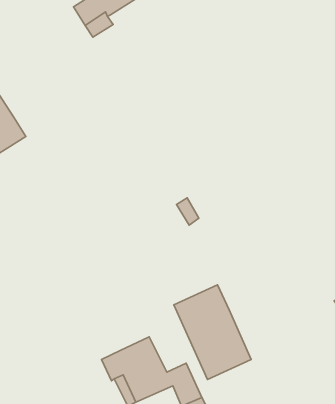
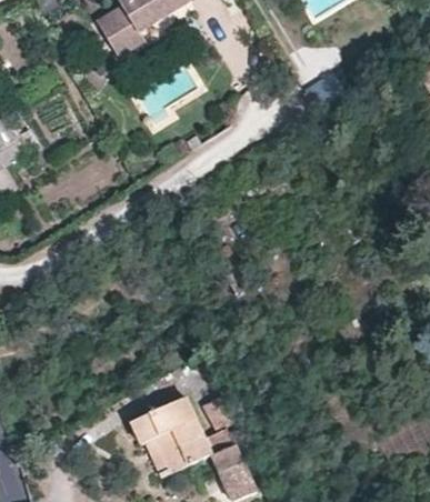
building: [174,285,251,379] -> none

